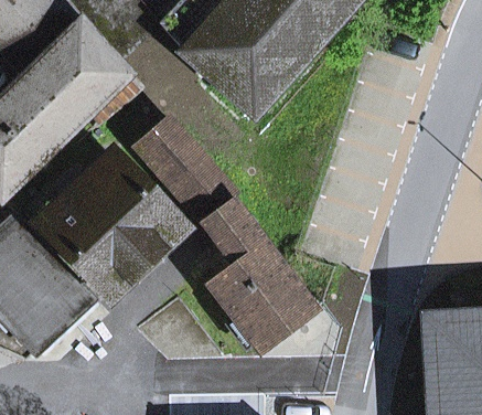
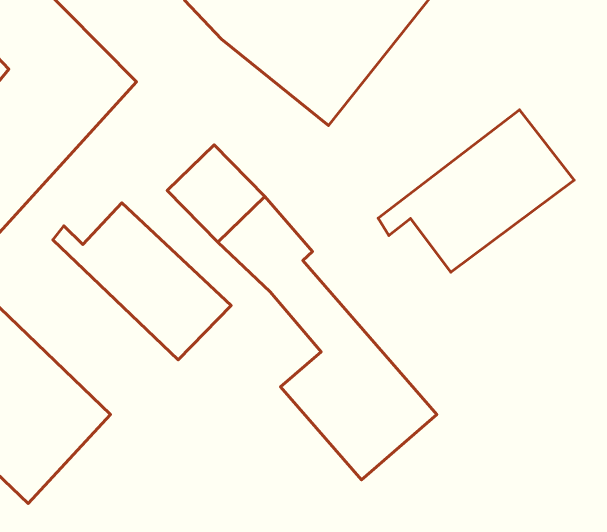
building: none -> [378,110,574,272]
building: [36,175,141,295] -> none

